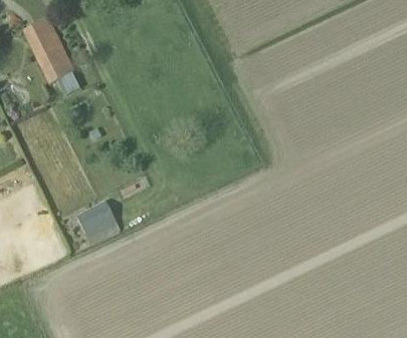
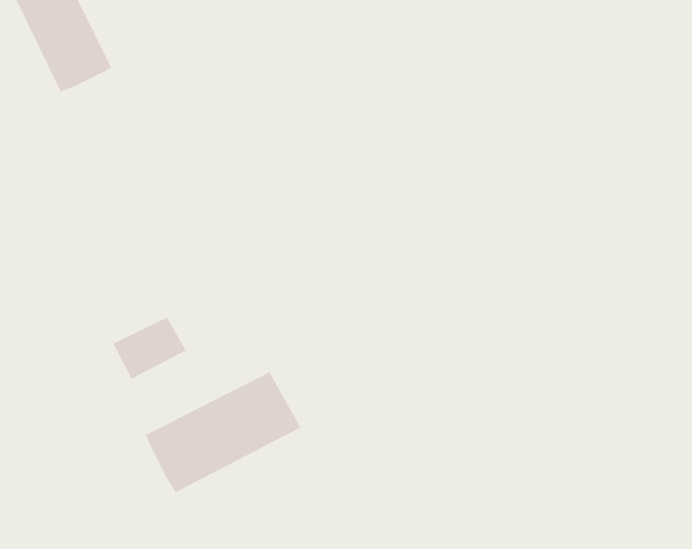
building: none -> [145,371,302,493]

